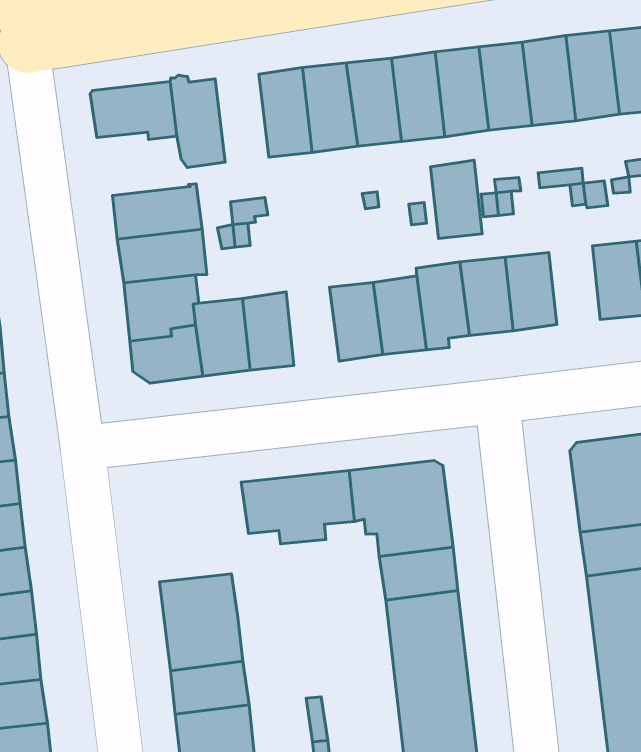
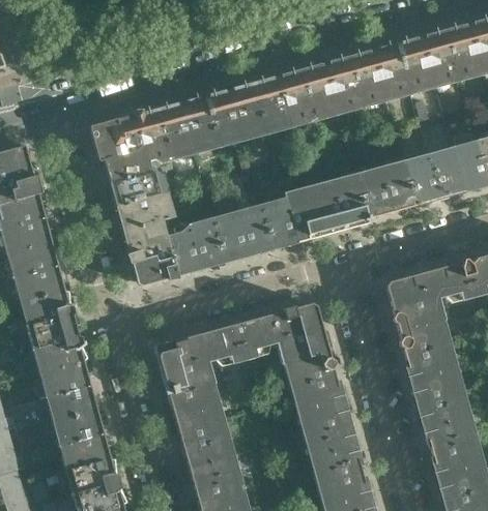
building: none -> [157,103,194,155]
building: none -> [96,145,152,183]
building: [431,160,482,239] -> [357,172,392,218]
building: none -> [214,216,250,263]
building: none -> [157,332,213,394]

